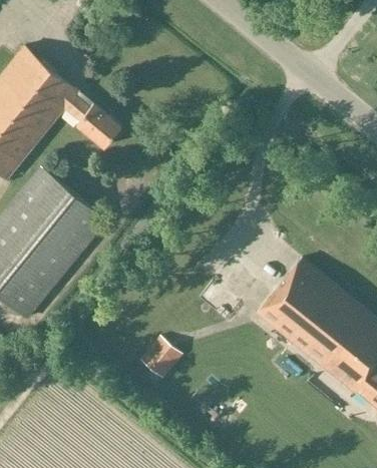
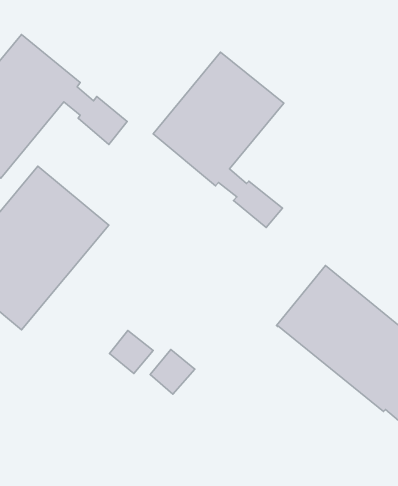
building: none -> [153,52,284,227]
building: none -> [109,330,153,374]

